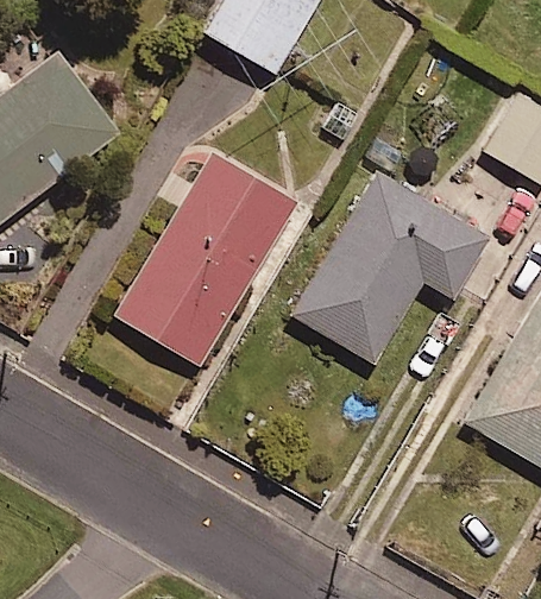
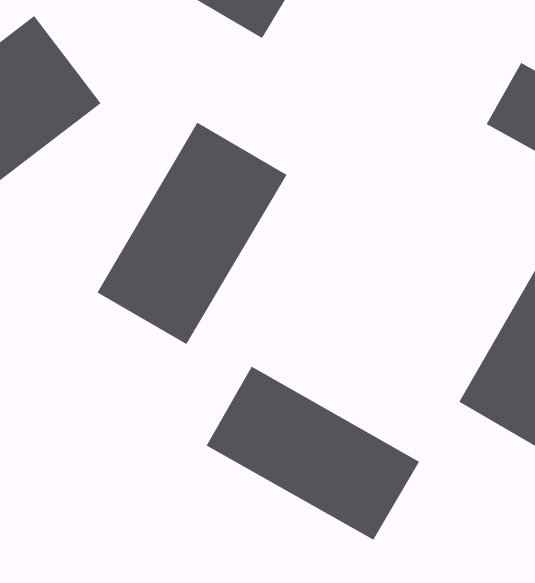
building: [292,172,490,364] -> none
building: none -> [206,366,420,541]

